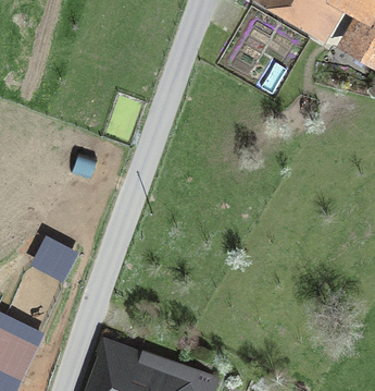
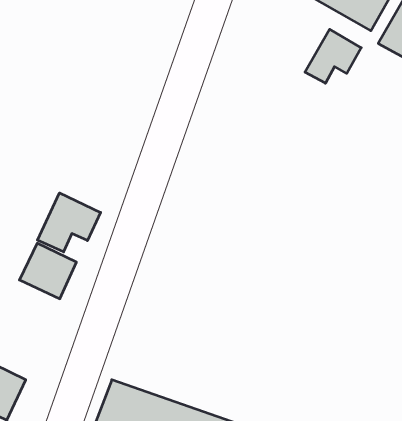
building: none -> [305,29,361,83]
building: none -> [37,193,101,252]

